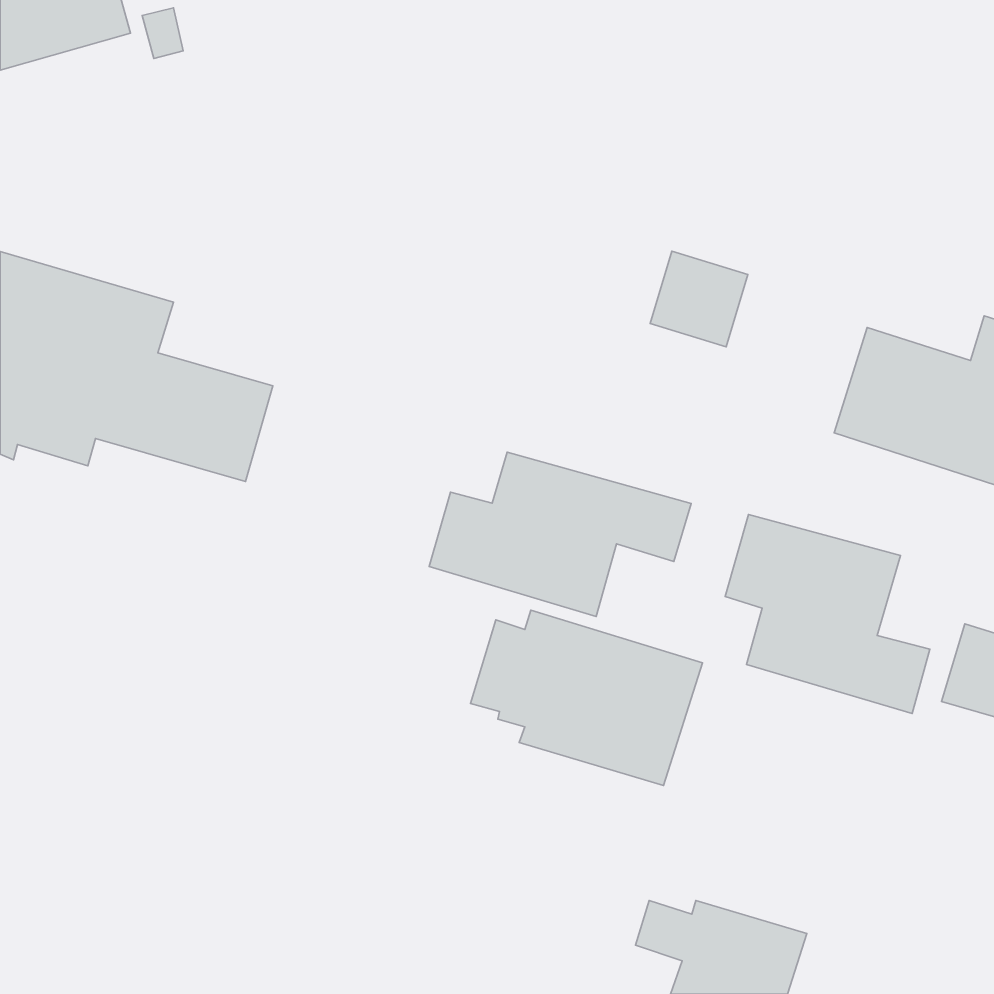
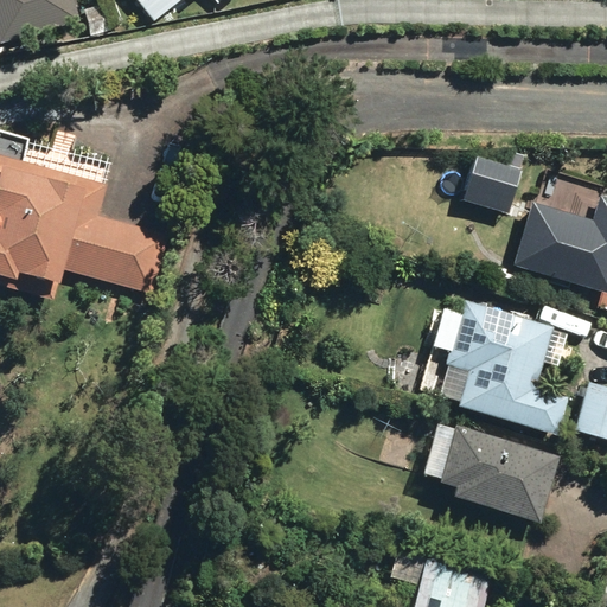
building: [650,251,748,347] -> [460,154,519,212]
building: [429,452,691,617] -> none
building: [470,610,702,785] -> [420,415,561,522]

